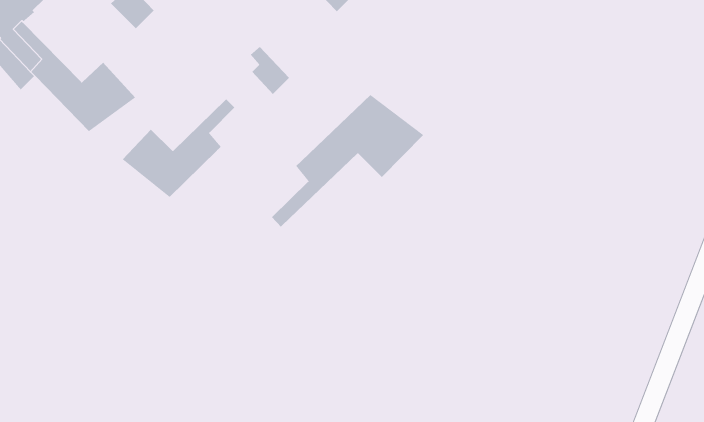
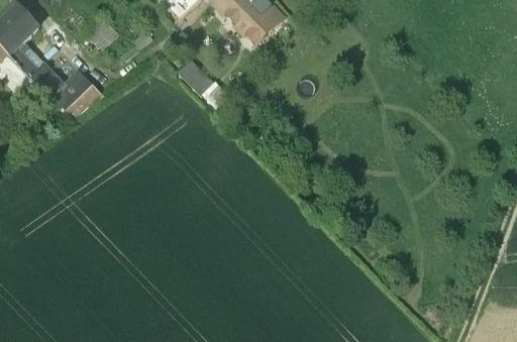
building: [271,94,424,227] -> none
building: [122,98,235,198] -> none

